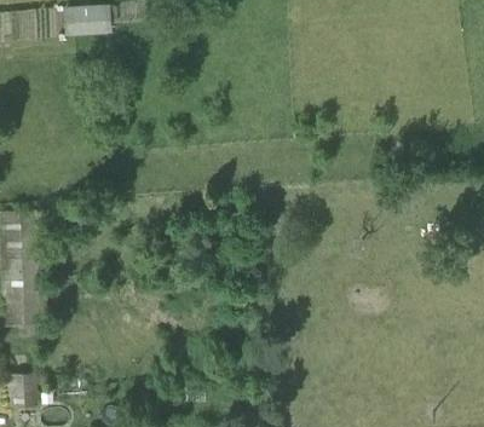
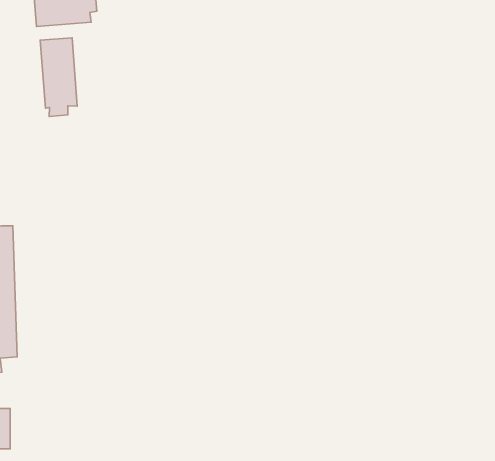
building: none -> [40,38,77,116]

